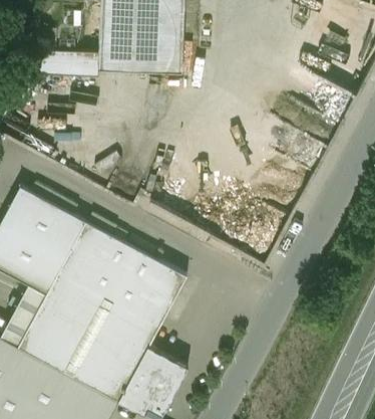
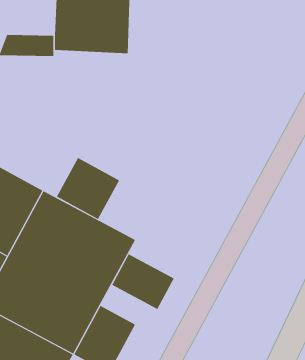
building: none -> [56,157,120,220]
building: none -> [112,253,175,310]

